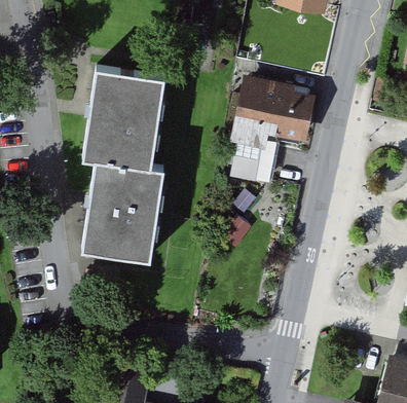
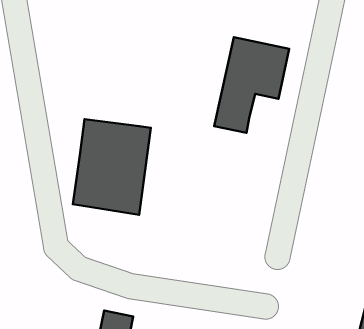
building: [82,67,165,171] -> none

